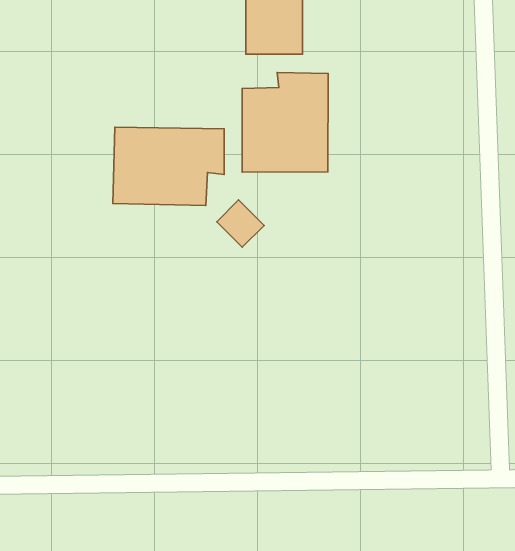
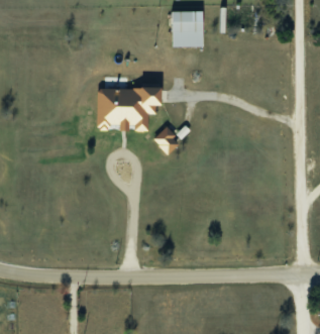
building: [242,73,328,172] -> none

